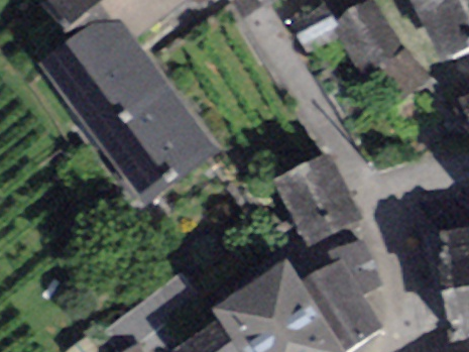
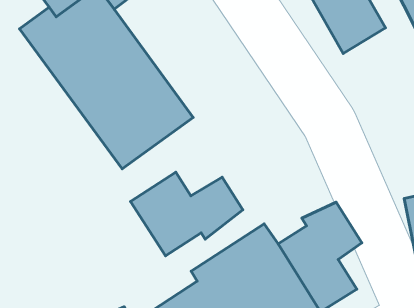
building: [278,156,357,241] -> none
building: none -> [130,172,243,256]

